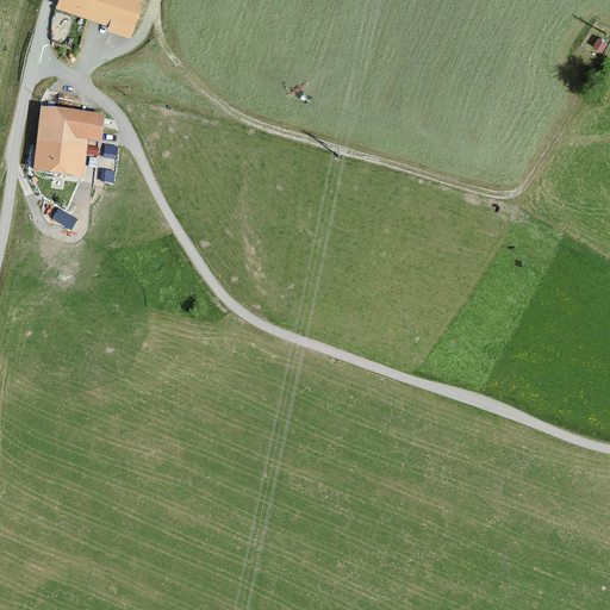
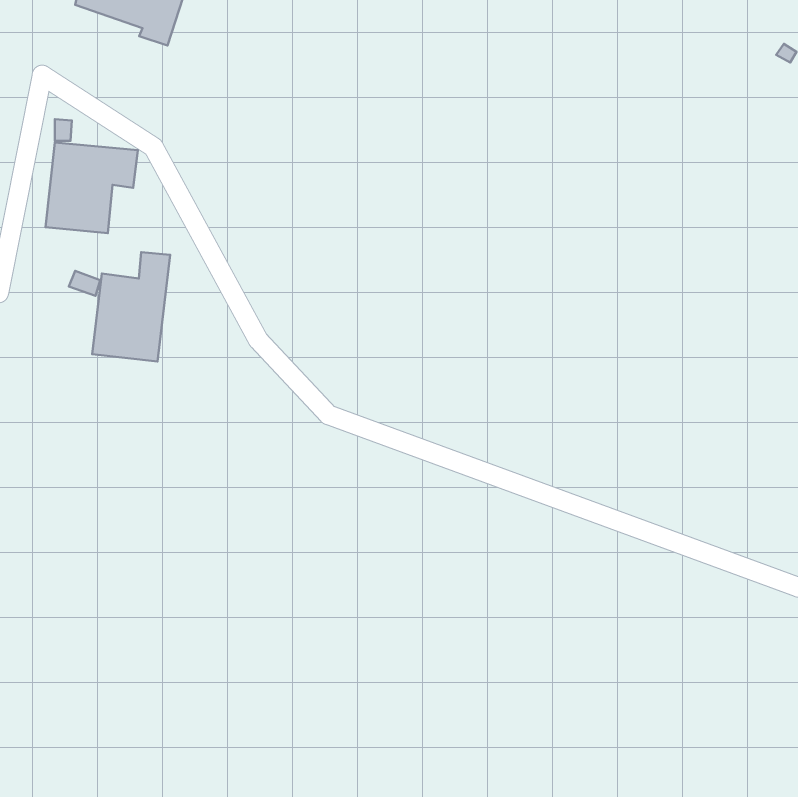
building: none -> [92,252,170,361]

